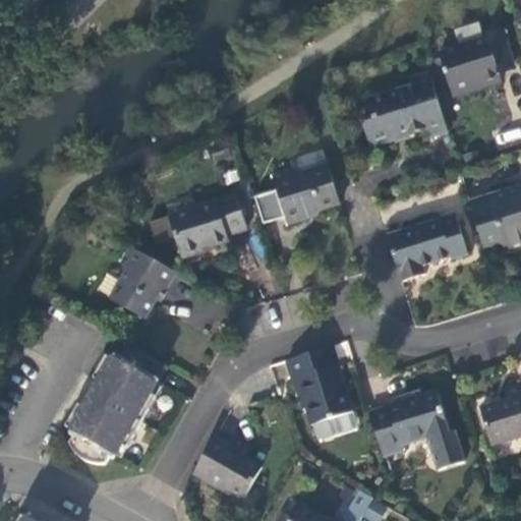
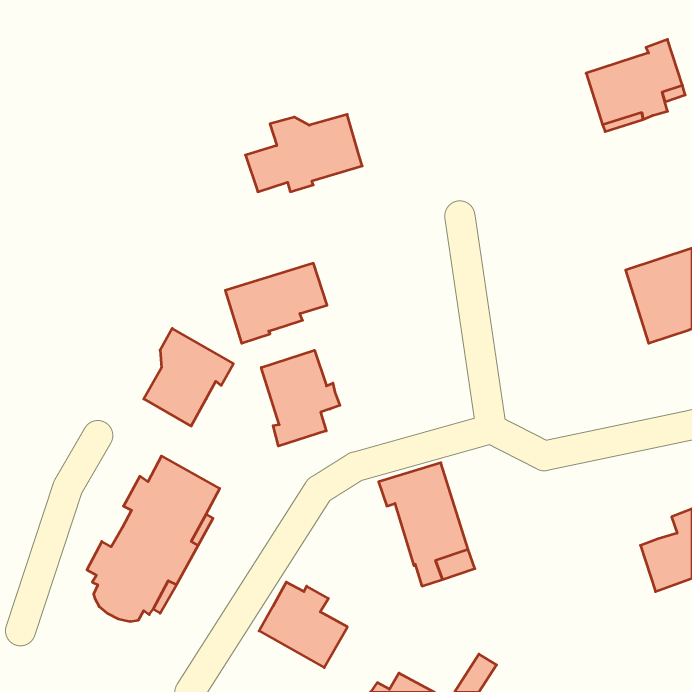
building: [364,73,447,147] -> none
building: [252,167,340,225] -> [245,114,362,192]
building: [387,216,467,282] -> none
building: none -> [261,350,340,446]
building: [368,391,463,470] -> none

